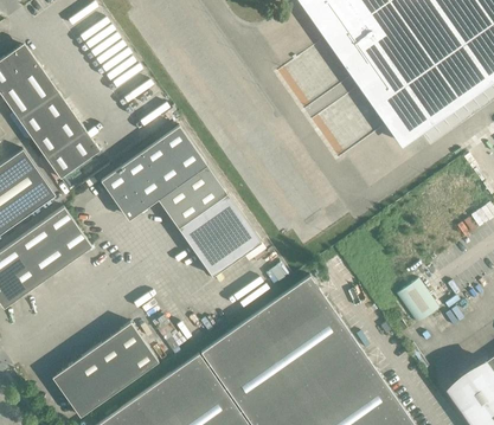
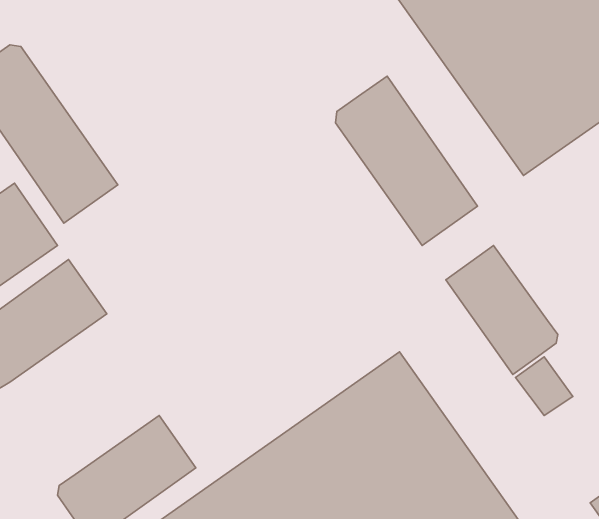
building: none -> [336,76,478,245]
building: [101,125,261,276] -> none
building: none -> [446,245,558,375]

